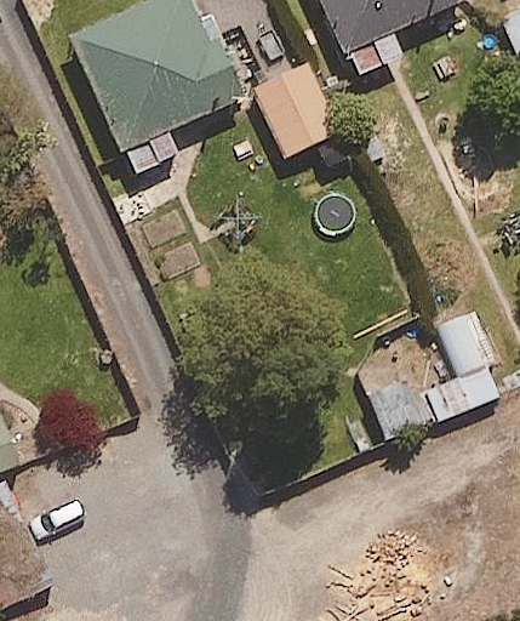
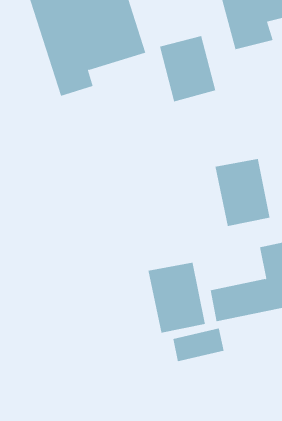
building: none -> [215,158,270,227]
building: none -> [148,262,205,334]

